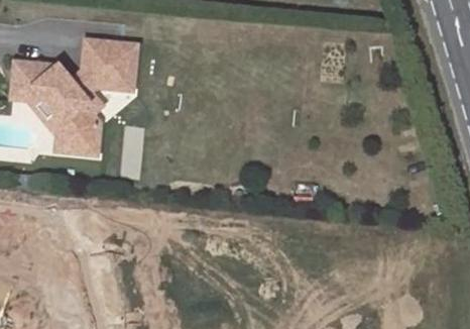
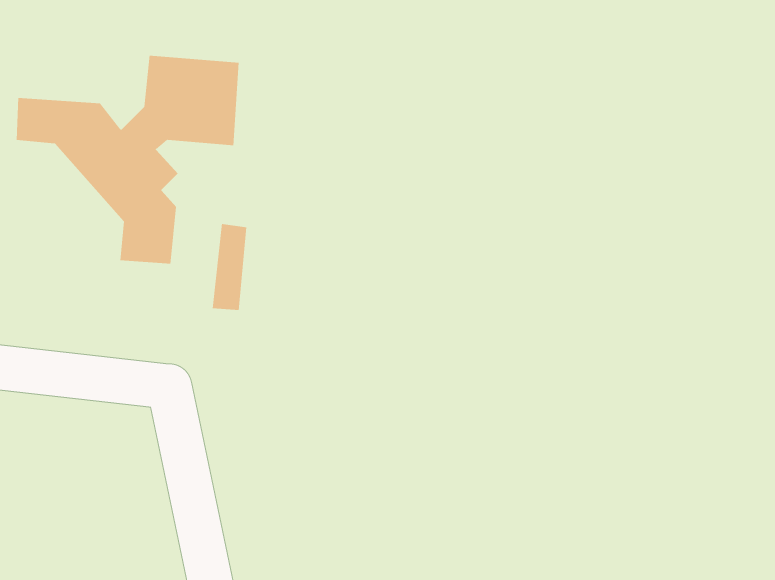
building: [10,84,71,149] -> none

